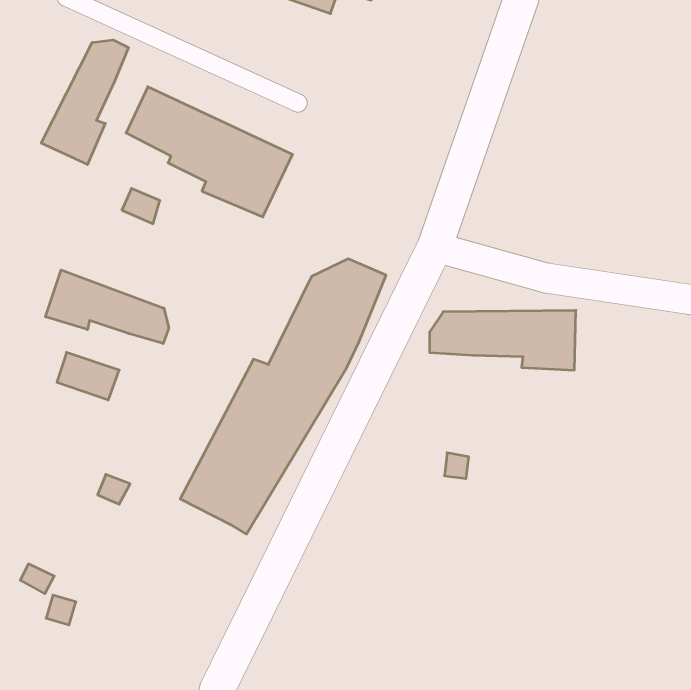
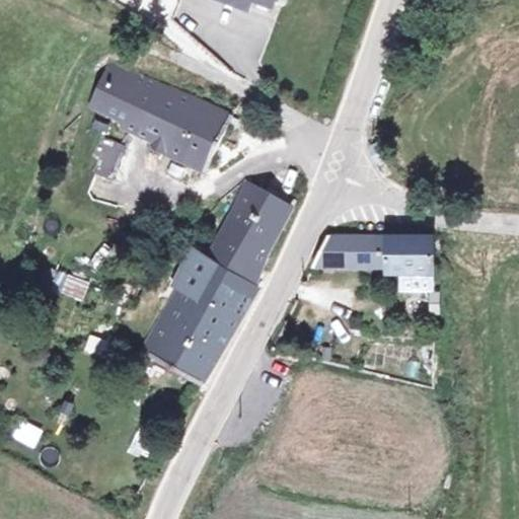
building: [41,40,129,165] -> none
building: [46,270,169,344] -> none

